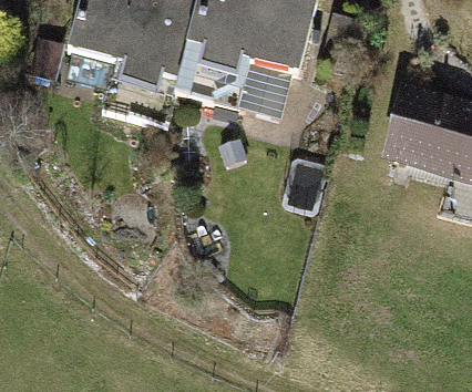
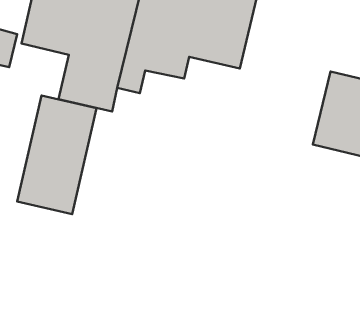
building: none -> [17,95,97,214]

